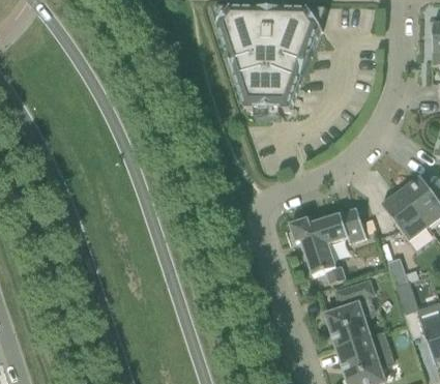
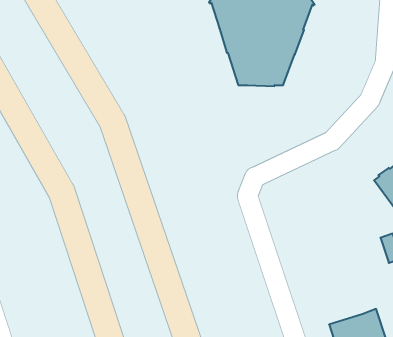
building: [290,208,366,284] -> none
building: [323,279,374,347] -> none

